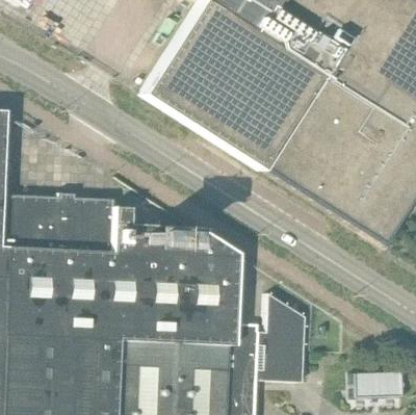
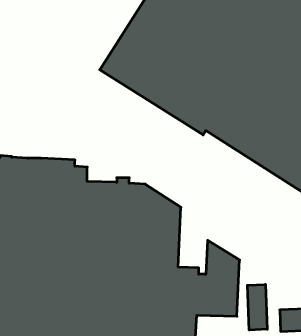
building: none -> [247,284,267,330]

